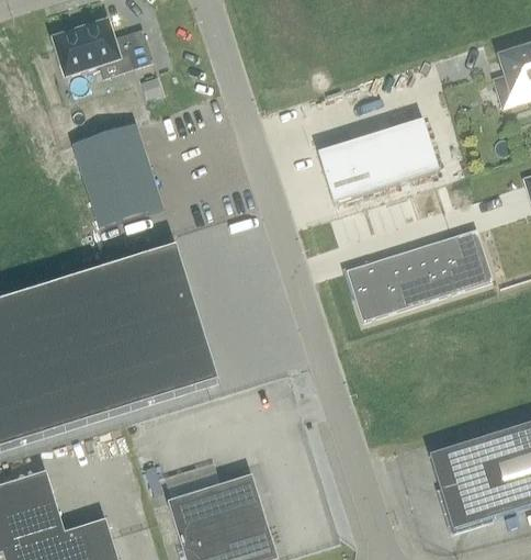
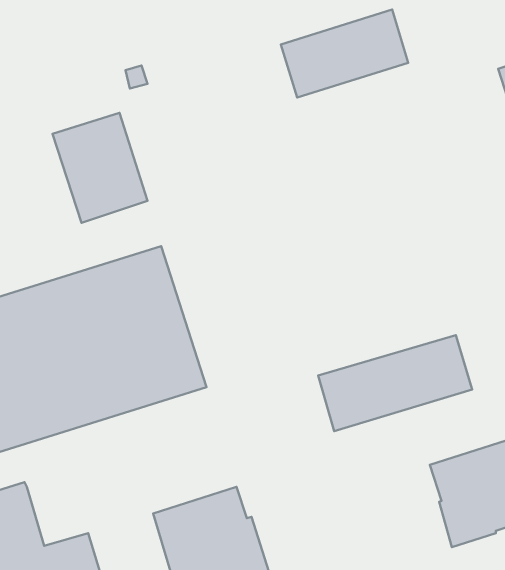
building: [53,20,154,76] -> none
building: [318,119,439,202] -> [281,10,408,98]
building: [347,229,493,321] -> [318,335,472,431]

